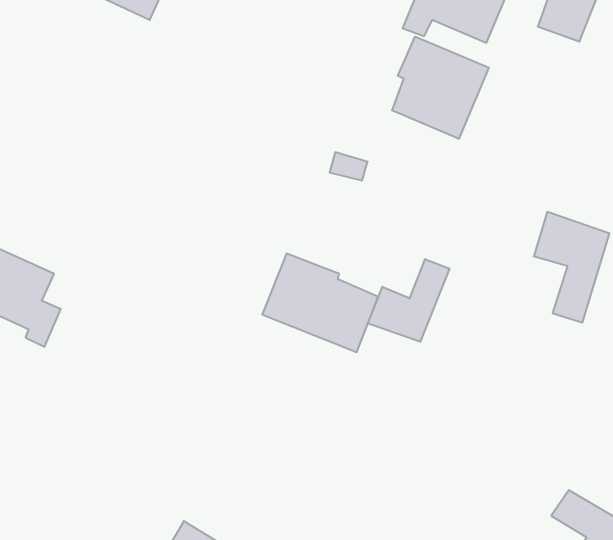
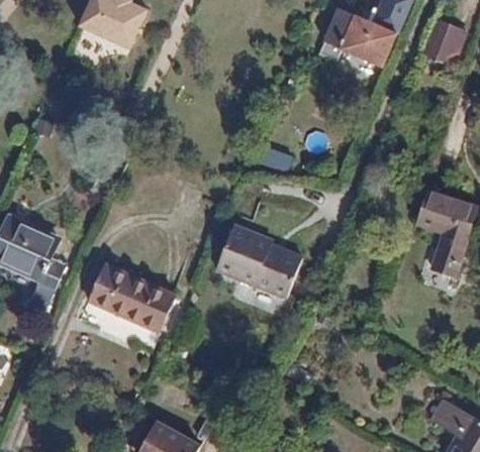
building: [392,37,489,139] -> none
building: [368,259,450,342] -> none
building: none -> [89,264,174,333]

